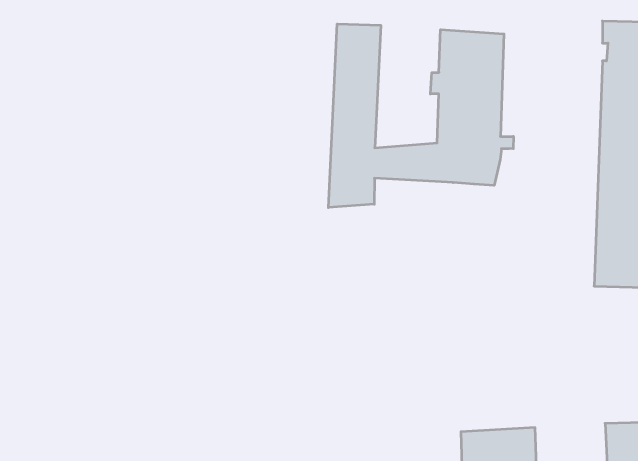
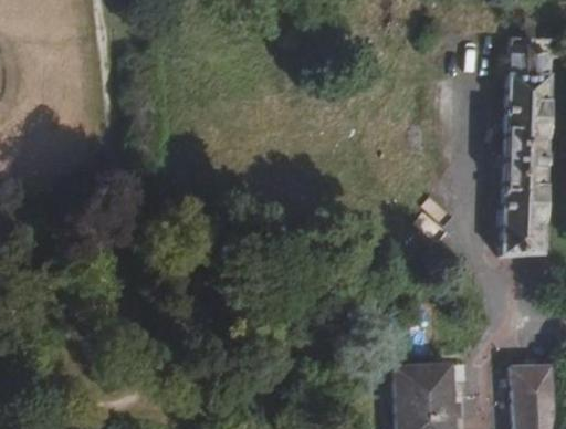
building: [328,24,513,208] -> none

